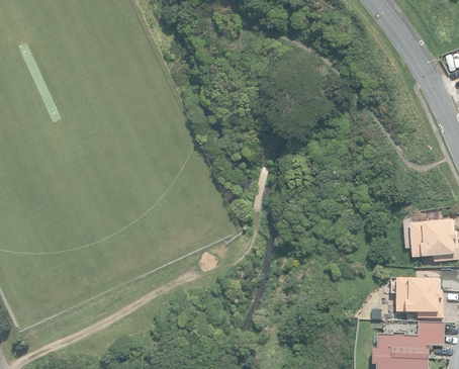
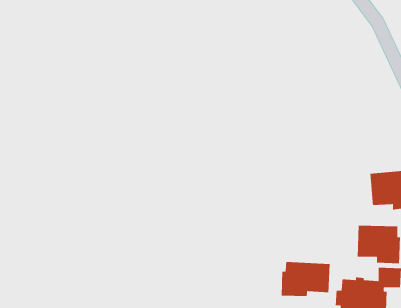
building: none -> [281,261,330,297]

